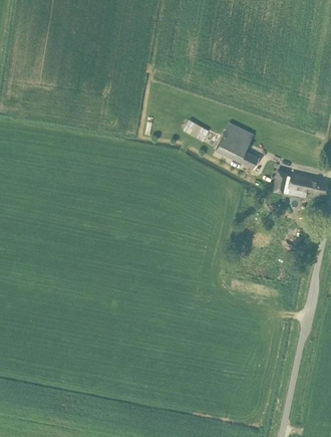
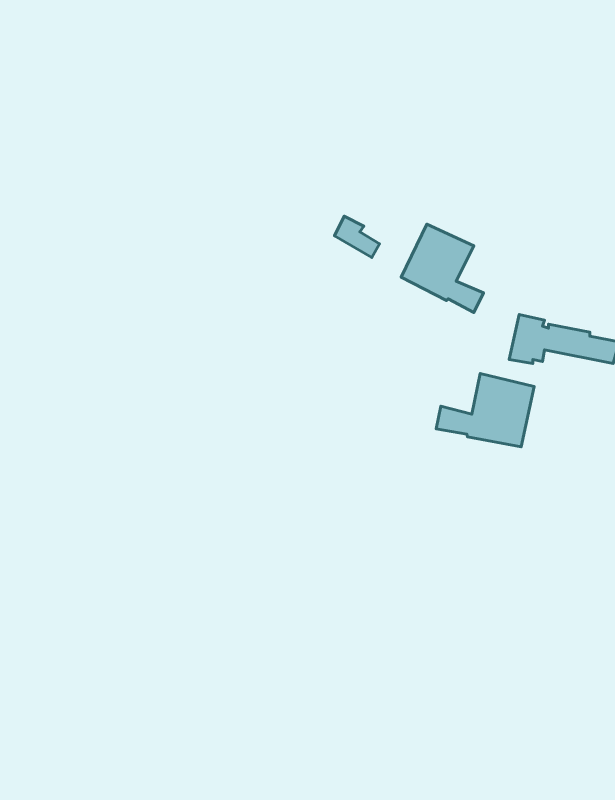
building: none -> [436,374,534,447]

